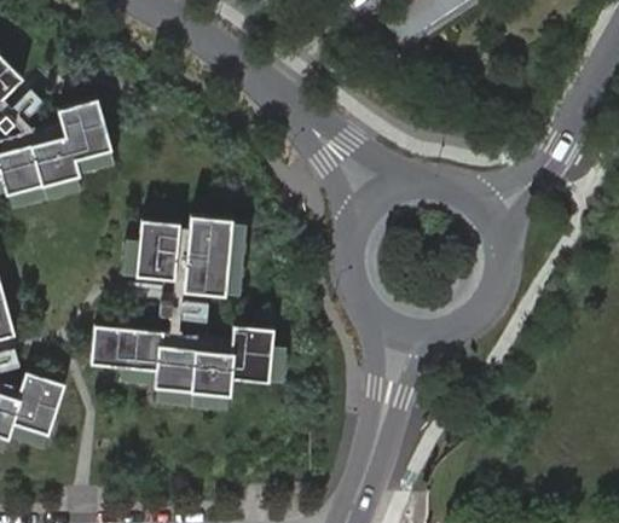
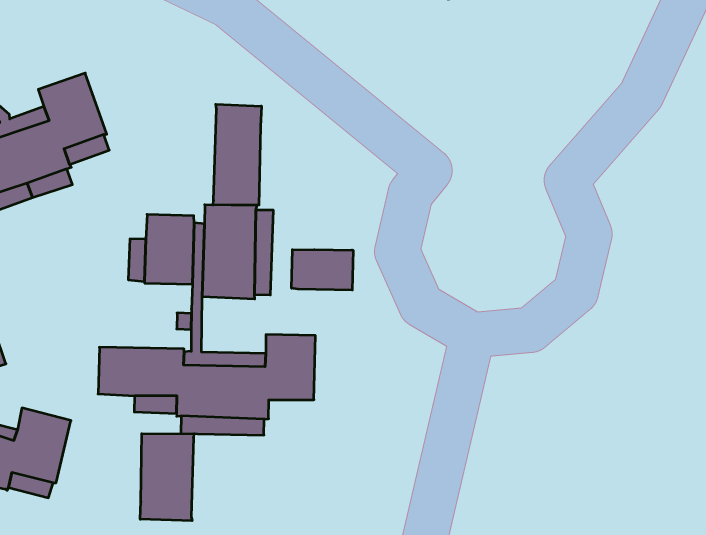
building: none -> [213,104,261,205]
building: none -> [292,250,353,290]
building: none -> [140,434,194,521]

